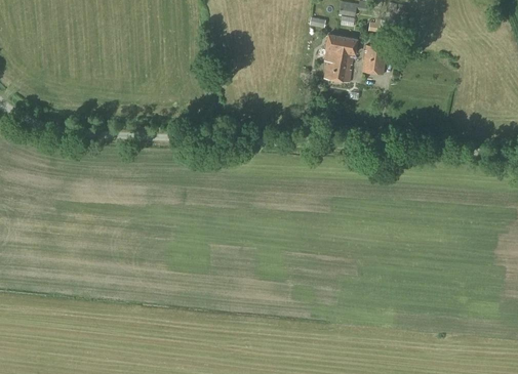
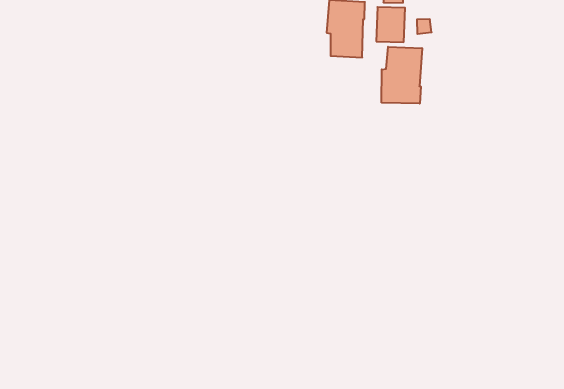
building: none -> [382,47,422,104]

